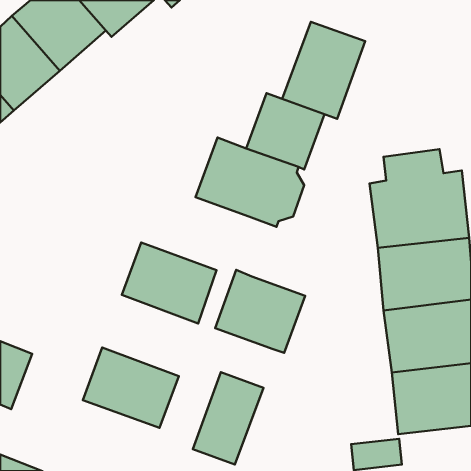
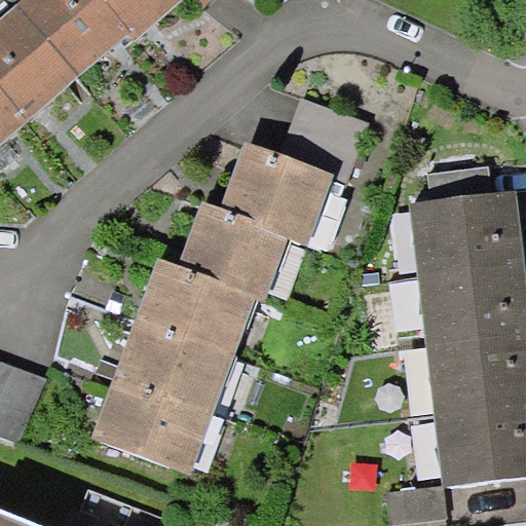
building: [282,22,365,119] -> none
building: [215,270,305,353] -> [177,213,277,305]
building: none -> [114,329,221,419]
building: [193,372,263,464] -> none

